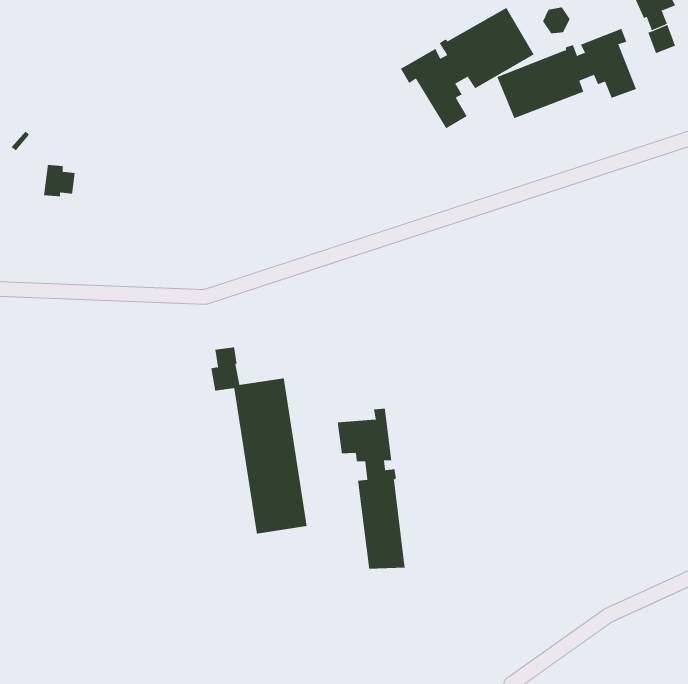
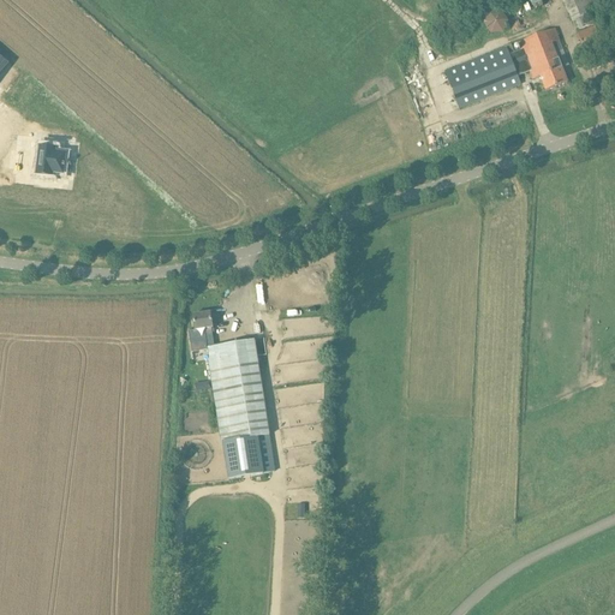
building: [400,7,534,129] -> none
building: [337,408,405,570] -> none

